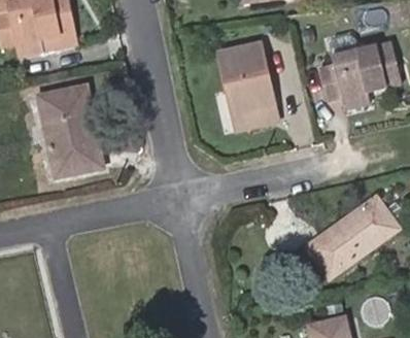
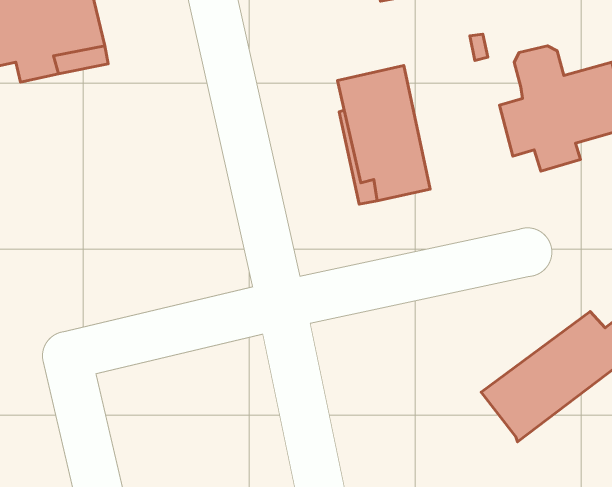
building: [40,86,104,176] -> none

